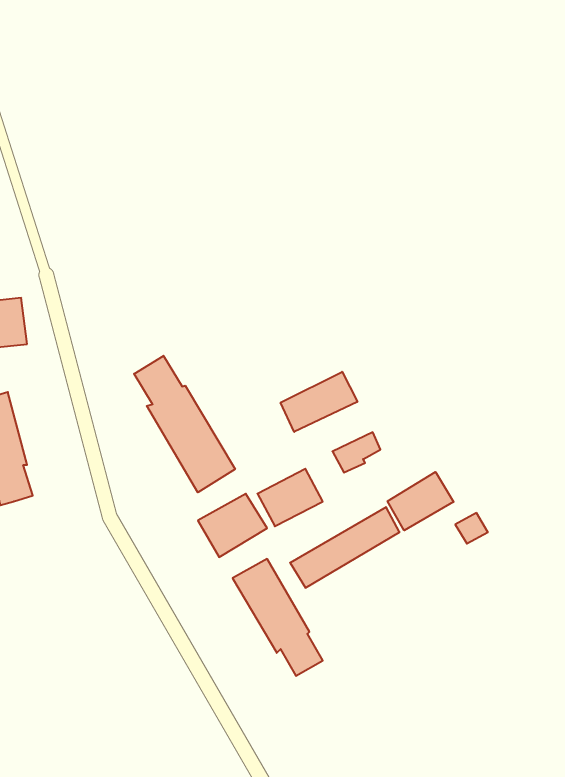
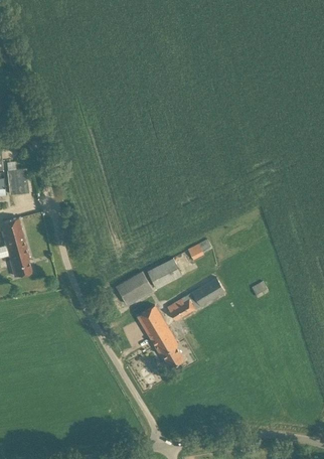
building: [134,356,235,492] -> none
building: [281,372,357,432] -> none
building: [388,472,454,530] -> none

